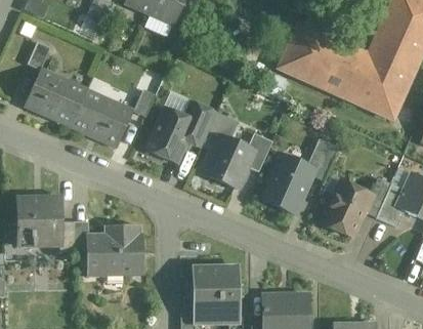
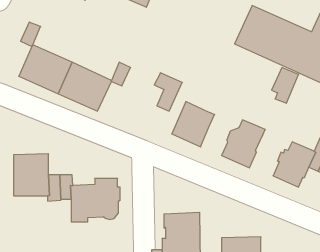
building: [146,108,195,163] -> none
building: [247,132,272,171] -> none
building: [306,138,338,180] -> [272,67,299,103]

